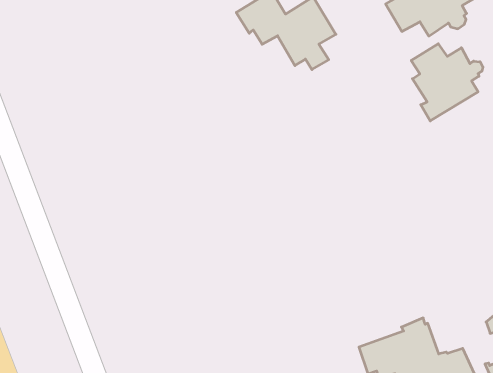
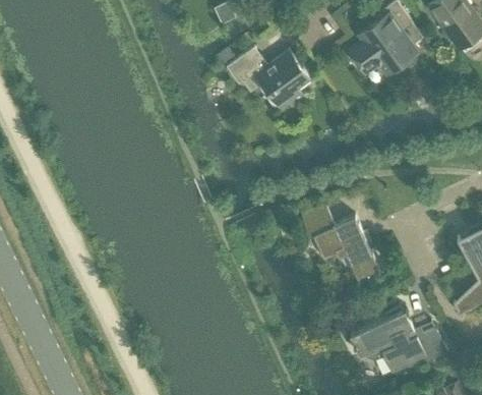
building: [411,44,483,121] -> none
building: none -> [301,205,378,277]

